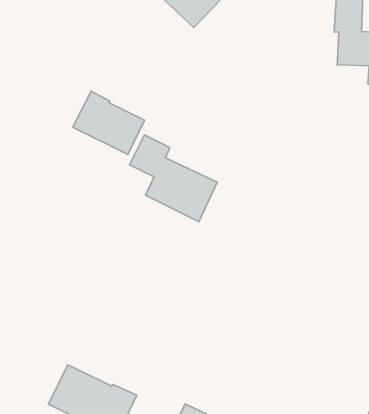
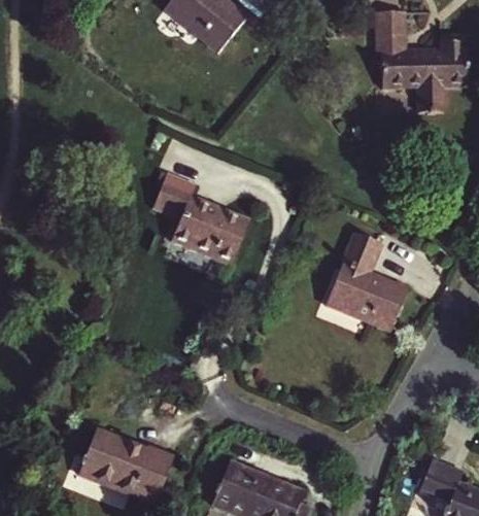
building: [73,91,145,154] -> none
building: none -> [328,233,408,331]

